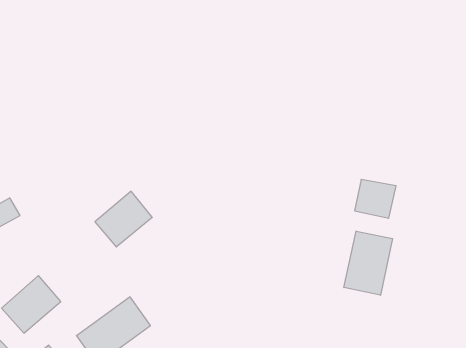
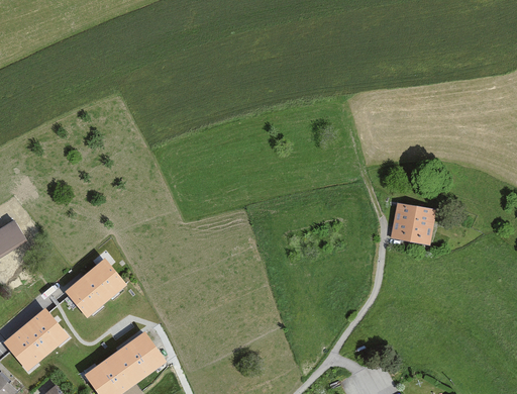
building: [95,191,152,247] -> [64,257,126,317]
building: [344,231,393,295] -> none

